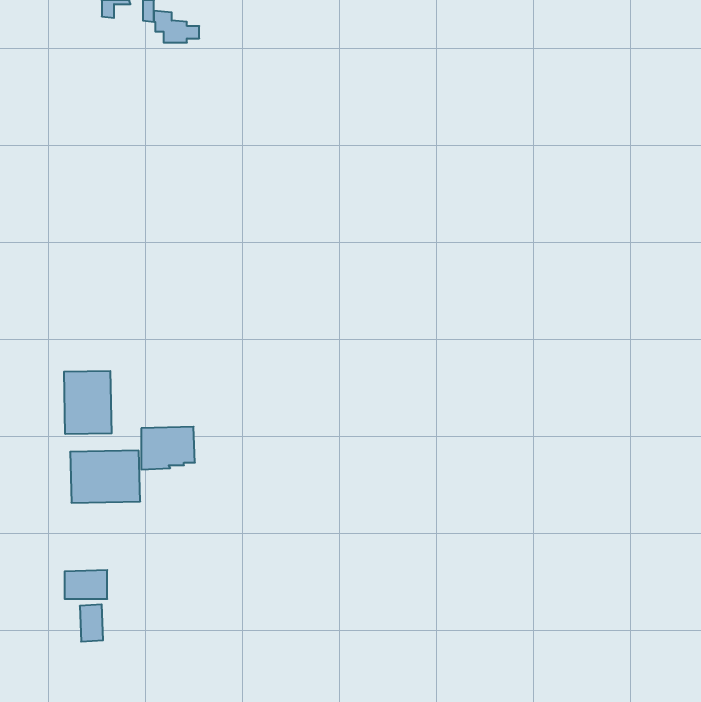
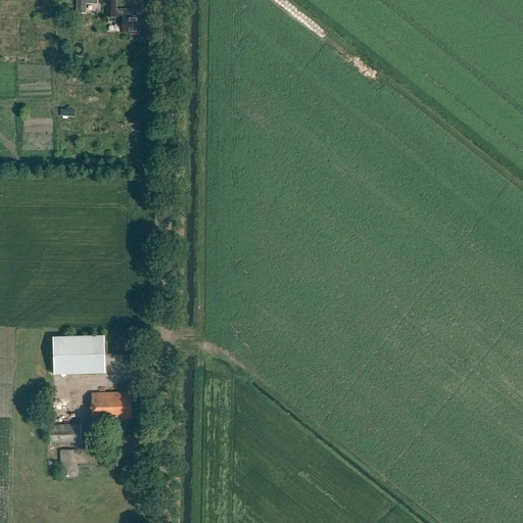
building: [64,371,112,434] -> none
building: [141,427,195,469] -> [92,391,132,423]

